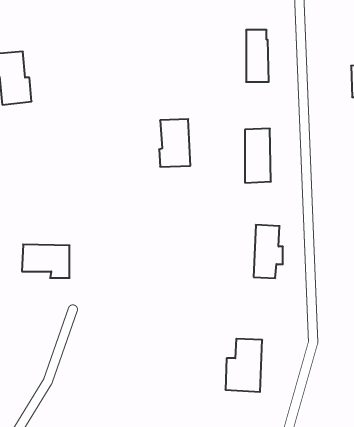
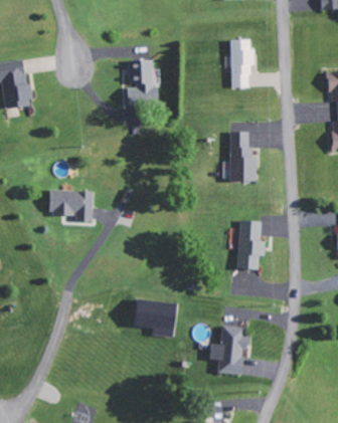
building: [159,119,190,167] -> [126,58,155,102]
building: [22,244,70,278] -> [48,190,93,221]
building: none -> [134,299,176,337]

